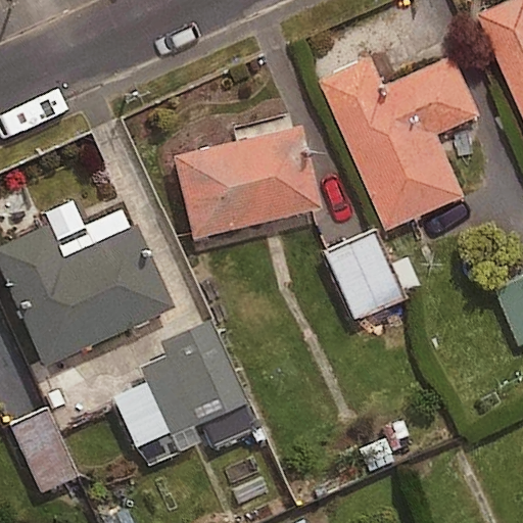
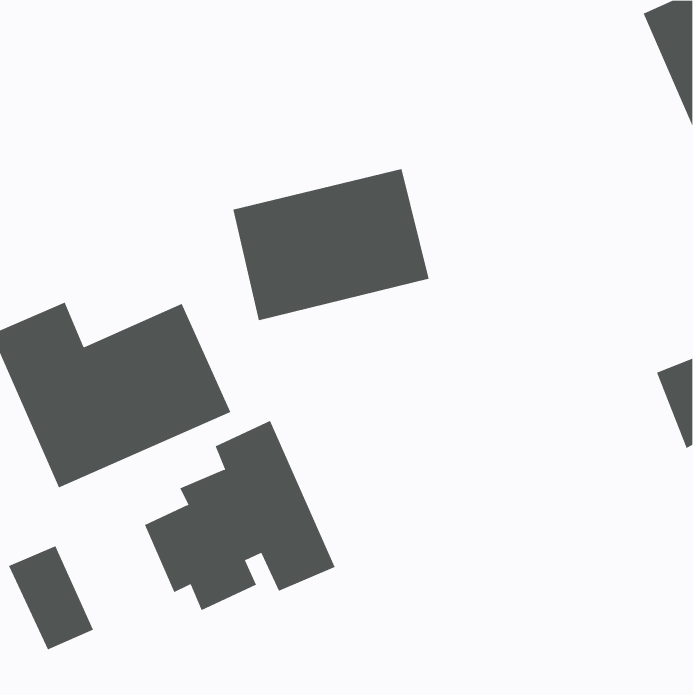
building: [323,53,484,229] -> none
building: [322,231,416,315] -> none

